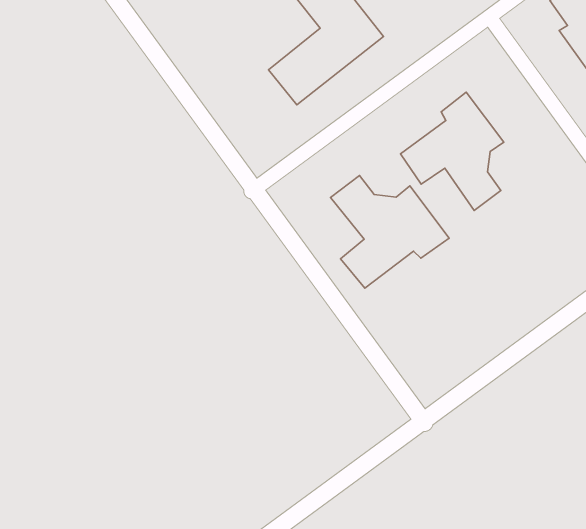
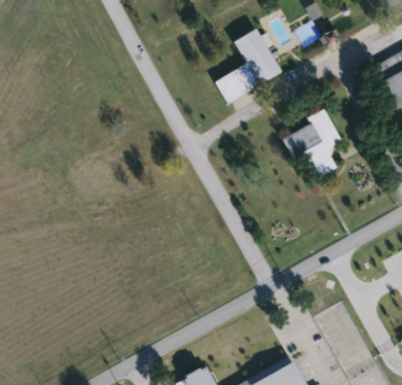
building: [330,176,449,288] -> none

